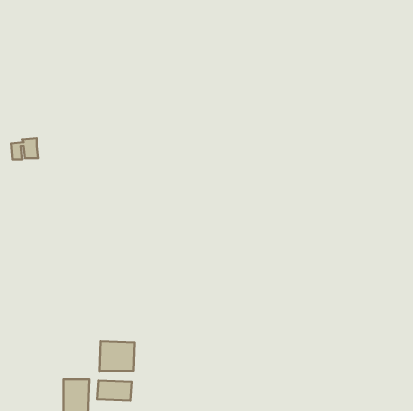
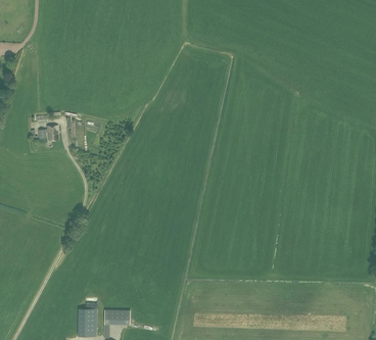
building: [99,341,135,371] -> none

